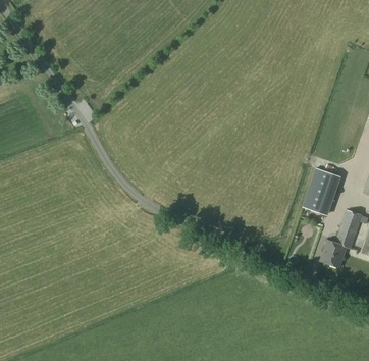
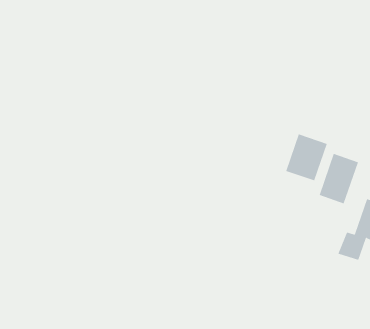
building: none -> [286,134,327,181]

